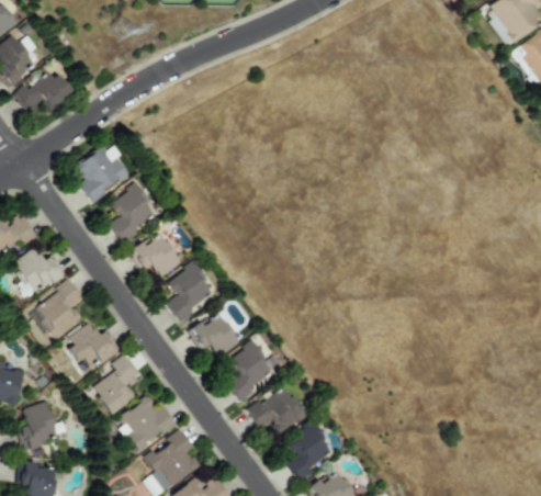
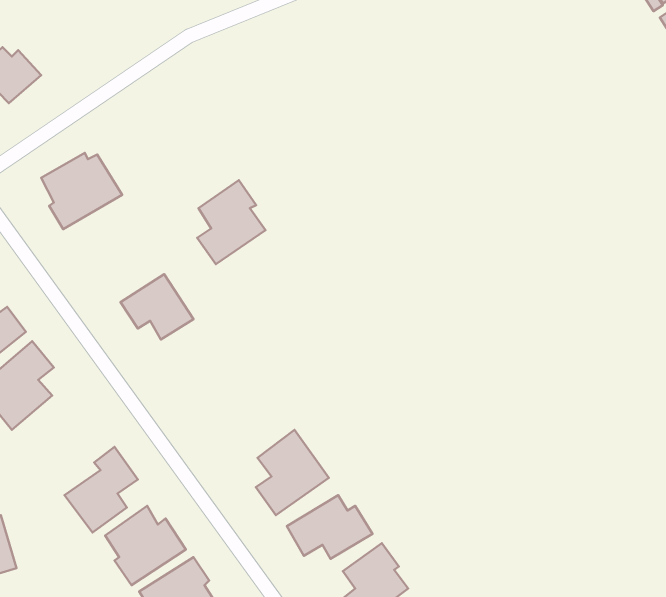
building: [109,183,157,243] -> [197,180,265,264]
building: [168,262,215,323] -> none
building: [189,312,240,357] -> none
building: [68,322,120,370] -> none

